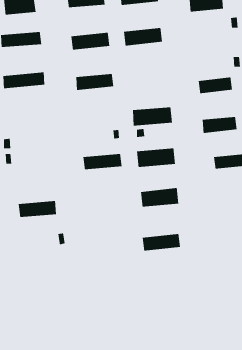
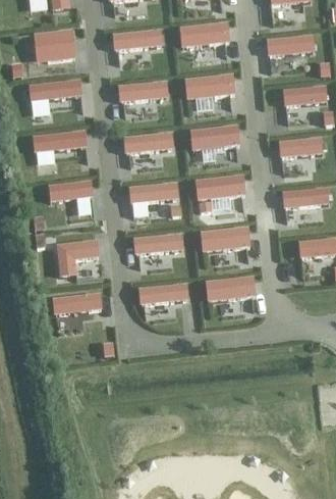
building: none -> [283,85,325,105]
building: none -> [190,124,239,150]
building: none -> [49,181,94,201]
building: none -> [128,182,179,205]
building: none -> [55,236,99,273]
building: [142,233,181,251] -> [138,283,187,305]

